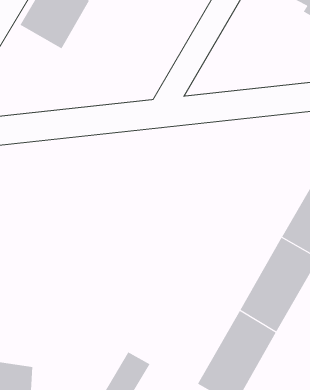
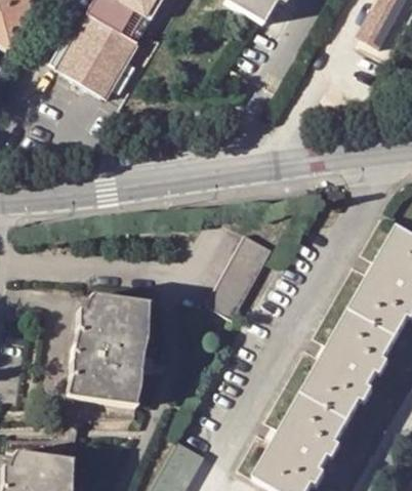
building: none -> [208,232,273,317]
building: none -> [70,292,147,404]

